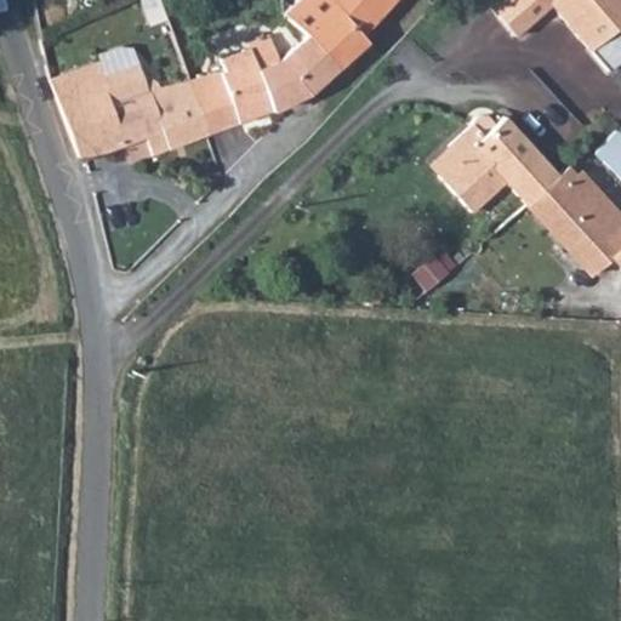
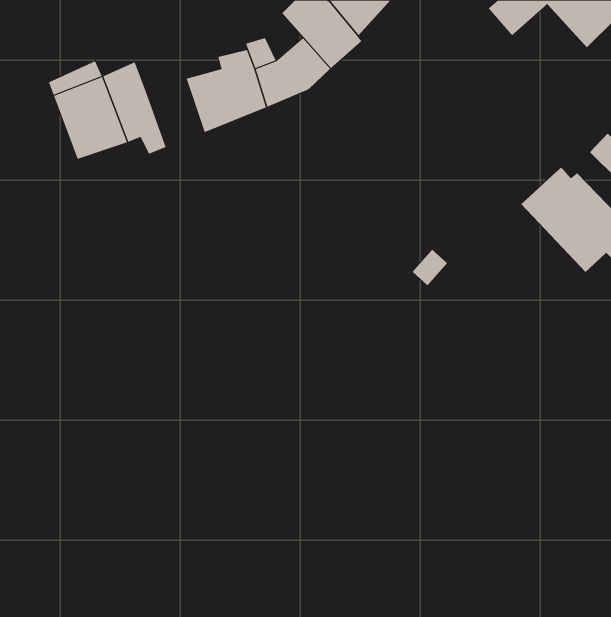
building: [153,79,211,148] -> none
building: [433,113,560,212] -> none

